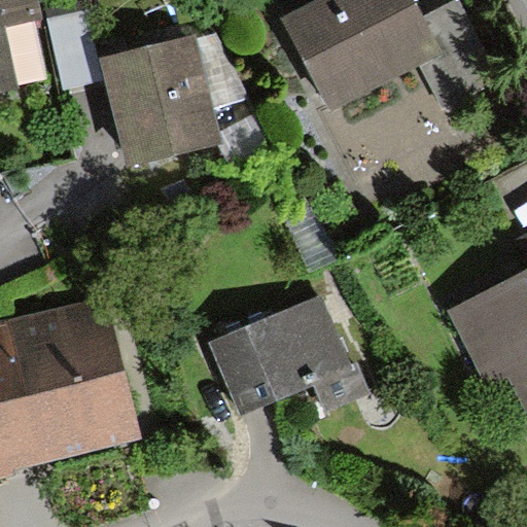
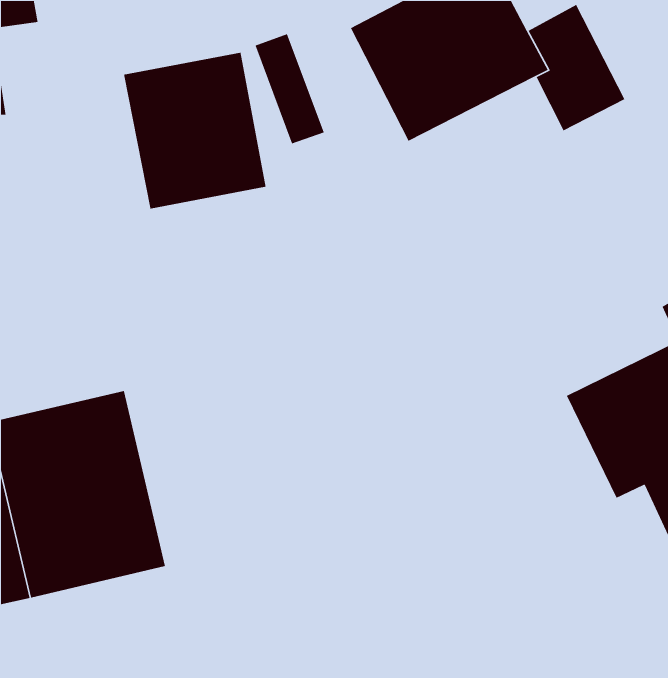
building: [212,294,361,408] -> none

